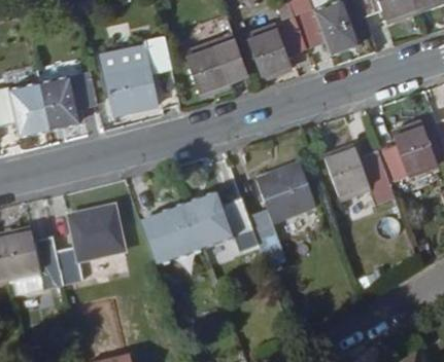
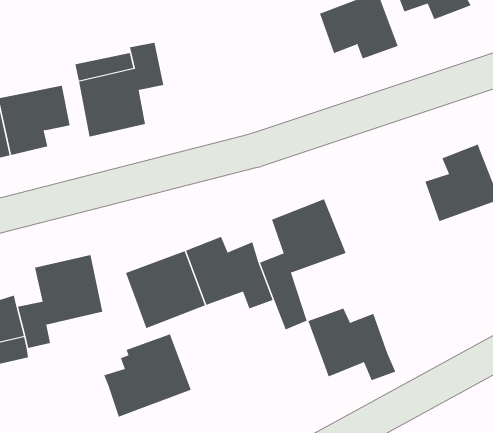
building: [247,15,306,76] -> none
building: [184,33,244,94] -> none
building: [326,144,396,202] -> [307,308,396,381]
building: none -> [103,333,191,417]

